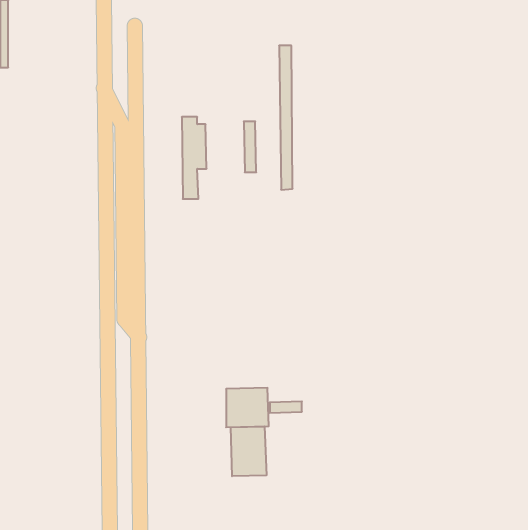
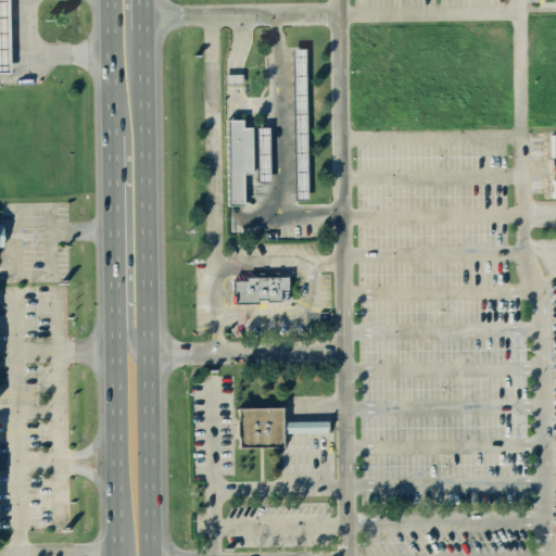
building: [182,117,207,199] -> [228,118,254,204]
building: none -> [235,276,290,302]
building: [231,426,266,476] -> none

